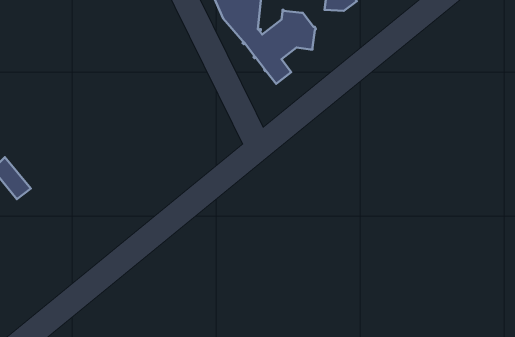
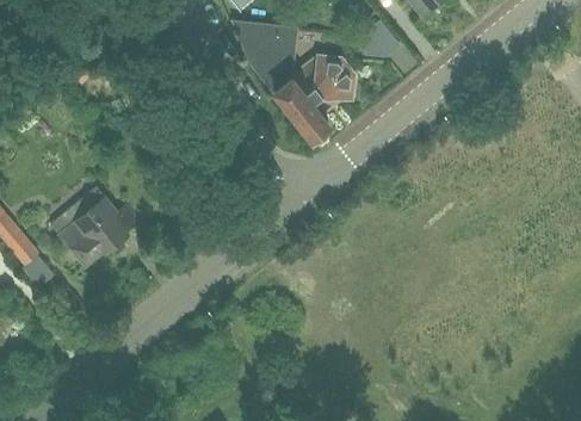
building: none -> [51,187,138,267]

